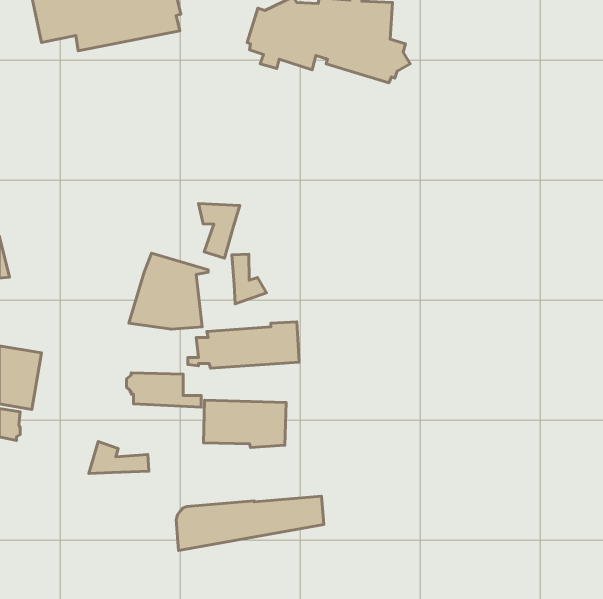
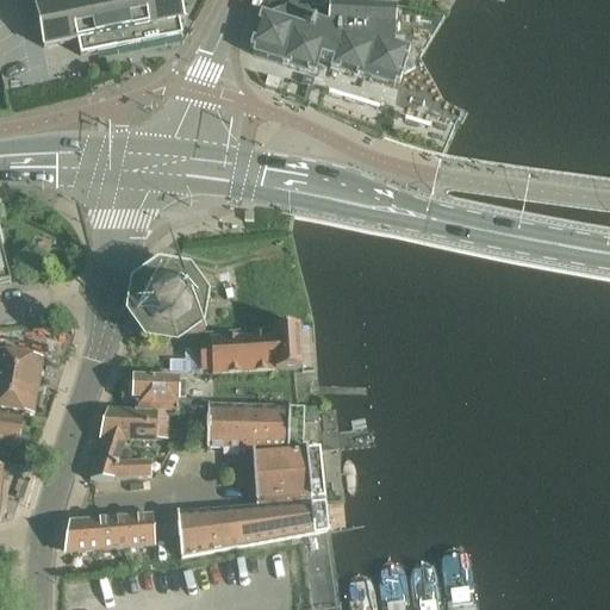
building: [199,204,240,258] -> none
building: [232,254,267,304] -> none
building: none -> [99,406,168,452]
building: none -> [253,446,324,505]
building: none -> [66,512,154,550]

